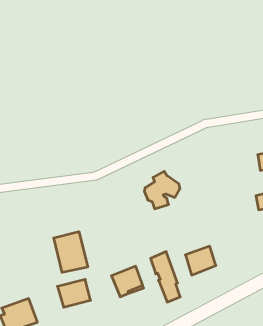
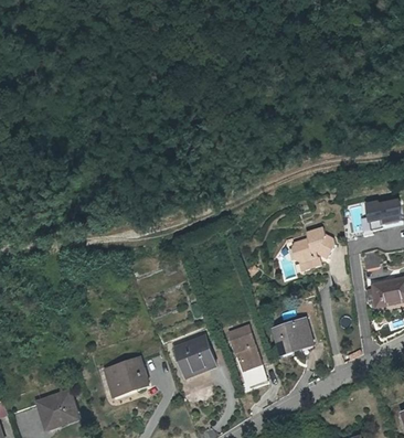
building: [144,171,180,209] -> [289,223,334,270]
building: [54,232,88,272] -> none

